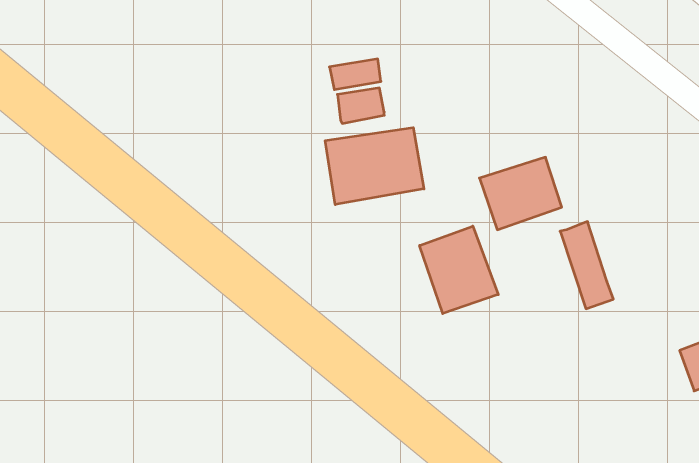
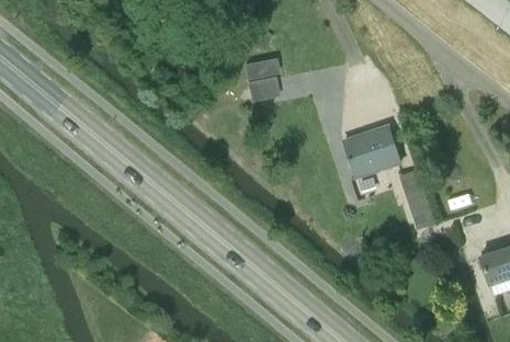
building: [325,128,424,205] -> none
building: [420,226,498,314] -> none

